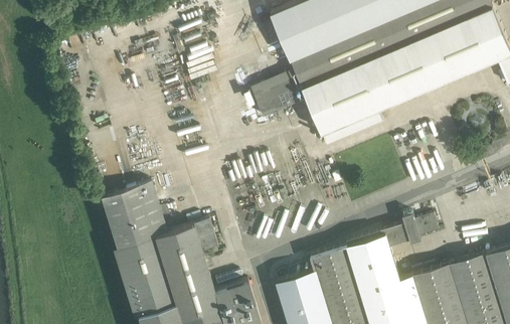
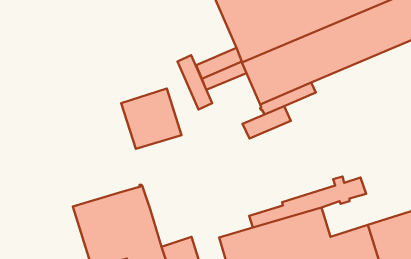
building: none -> [178,55,212,109]
building: none -> [243,106,291,139]
building: [100,181,166,248] -> [121,88,182,149]
building: [192,219,216,252] -> none

